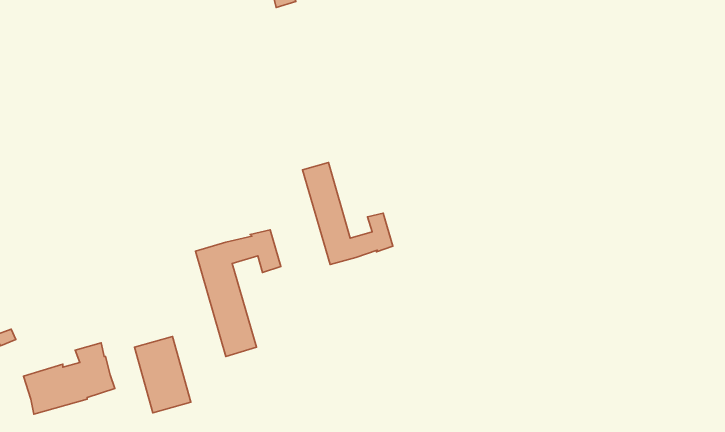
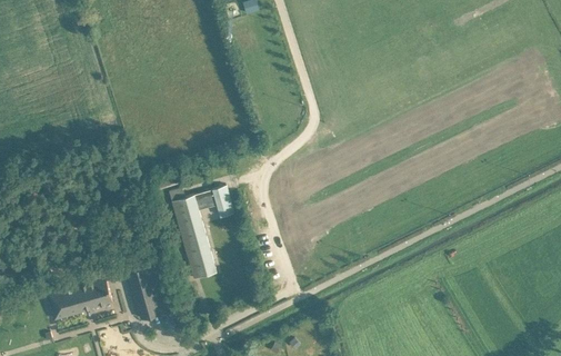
building: [303,163,393,265] -> none

